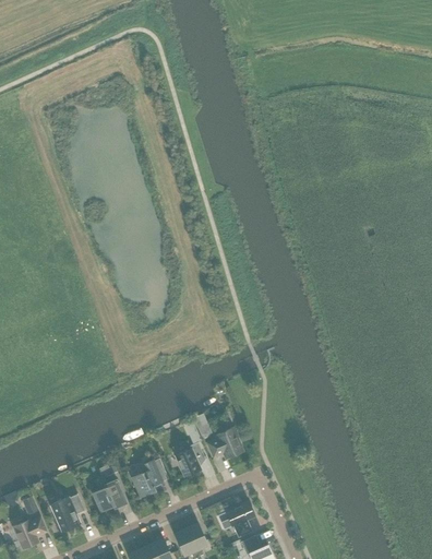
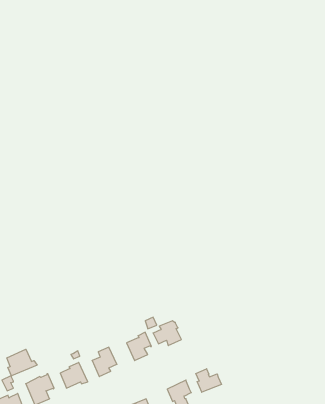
building: none -> [7,349,37,376]
building: none -> [196,369,222,392]

